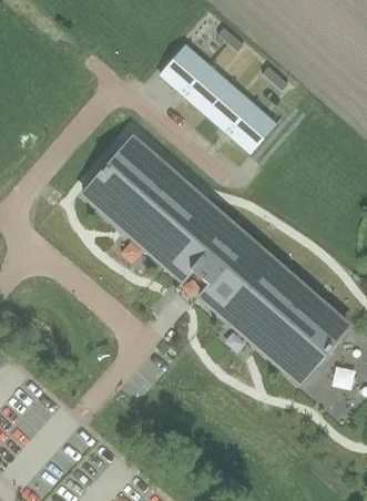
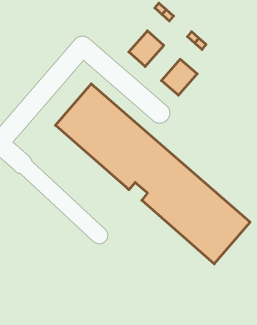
building: [161,44,208,93] -> none
building: [205,84,253,132] -> none

